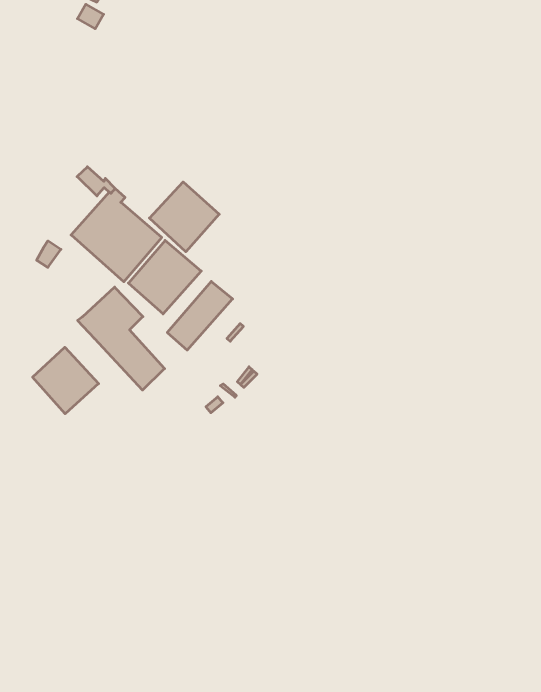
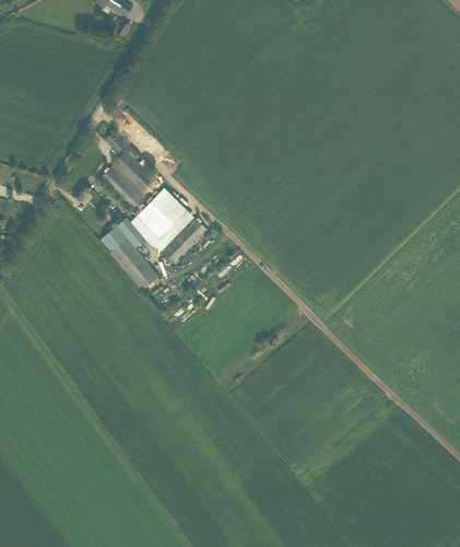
building: [149,182,219,252] -> none
building: [33,347,99,414] -> none

